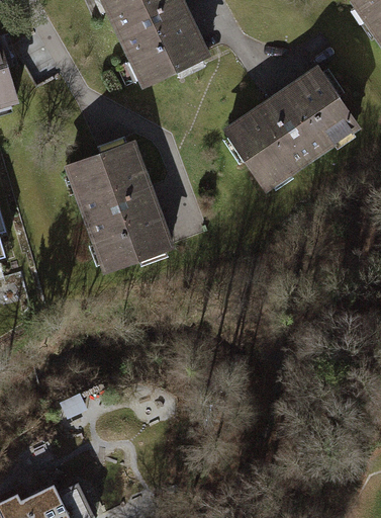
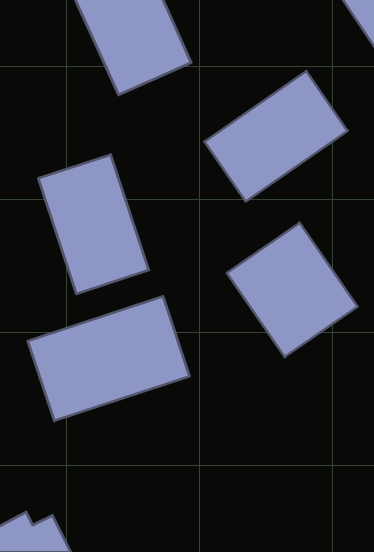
building: none -> [227,223,357,357]
building: none -> [28,296,189,421]

